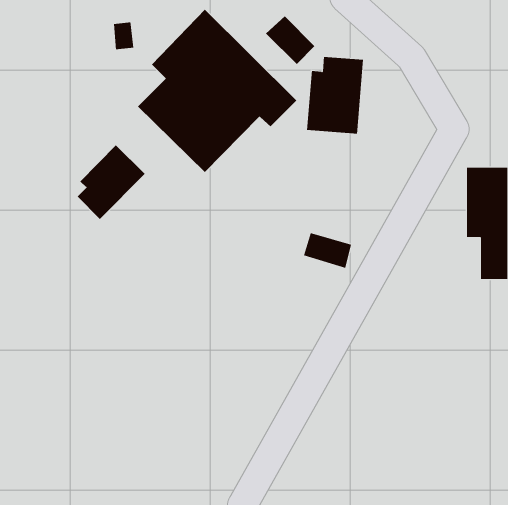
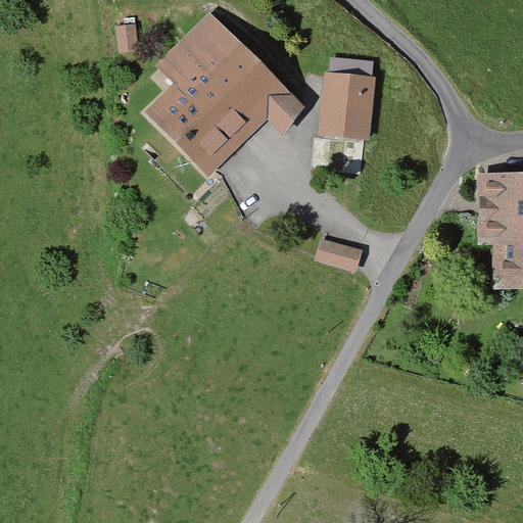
building: [265,15,315,65] -> none
building: [77,144,145,220] -> none

